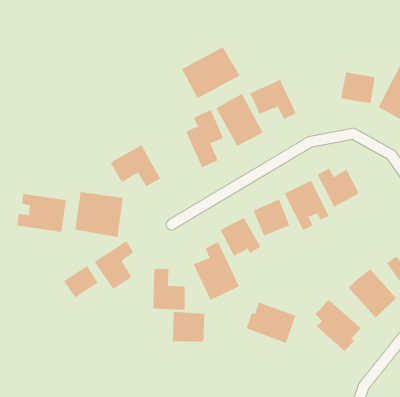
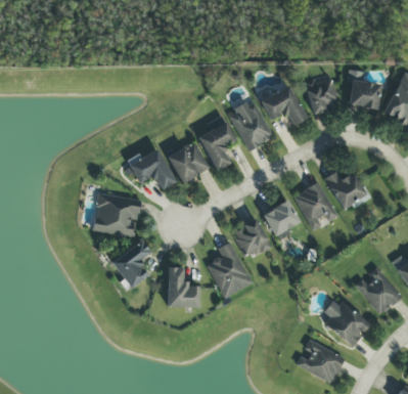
building: [181,46,240,99] -> none
building: none -> [303,79,341,113]
building: none -> [168,141,210,183]
building: [16,193,66,233] -> none
building: [63,265,98,298] -> none
building: [246,302,296,343] -> [296,342,344,382]
building: [172,311,205,343] -> none

